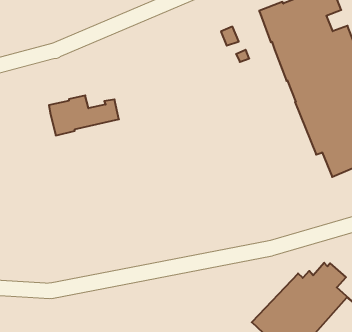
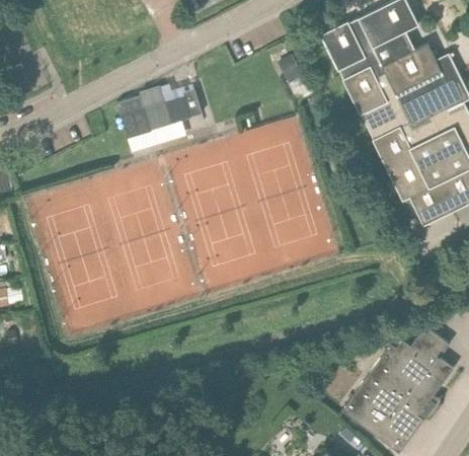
building: [49,95,119,135] -> [116,88,202,139]

